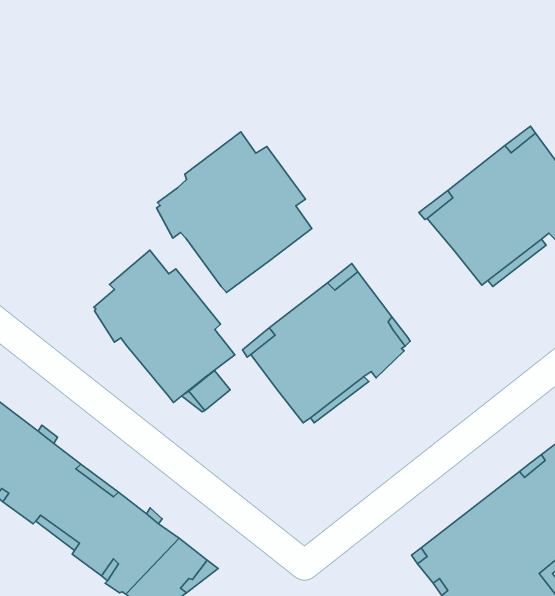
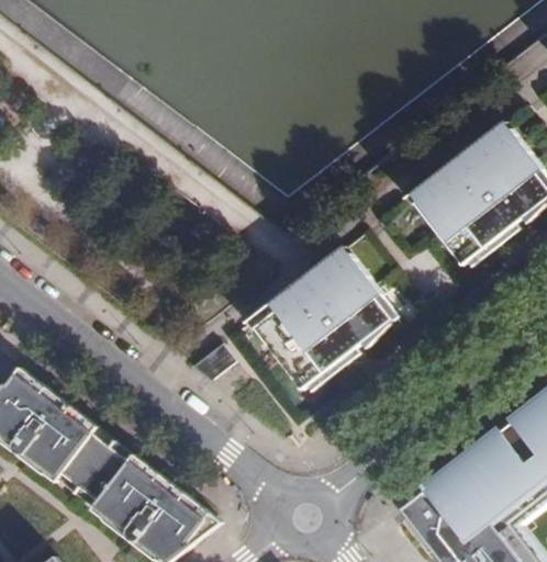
building: [157,132,312,292] -> none
building: [94,250,235,402] -> none

